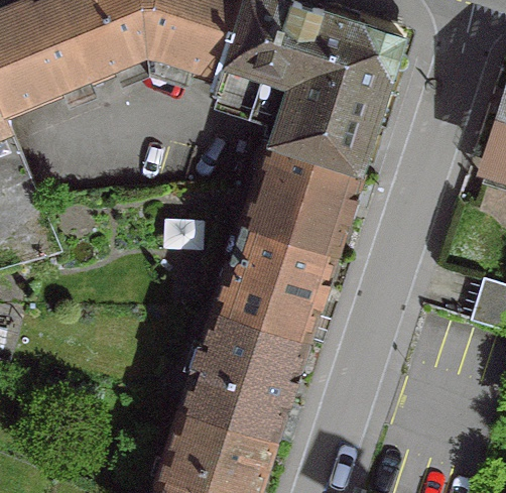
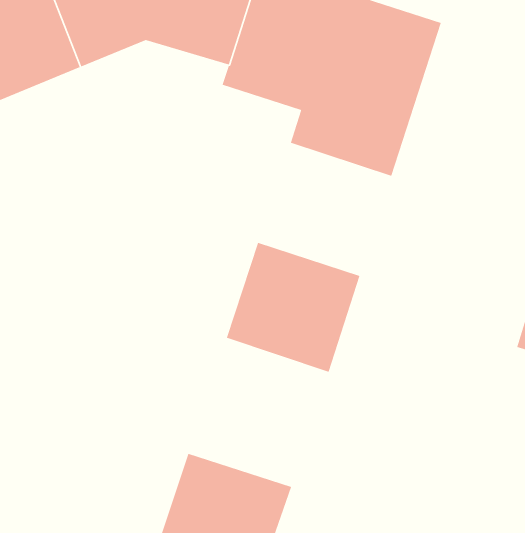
building: [242,141,359,256] -> none
building: [181,311,304,440] -> none

